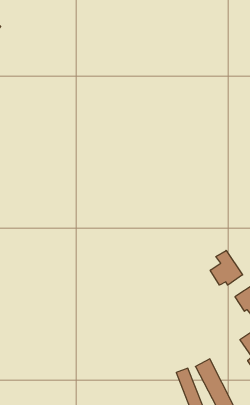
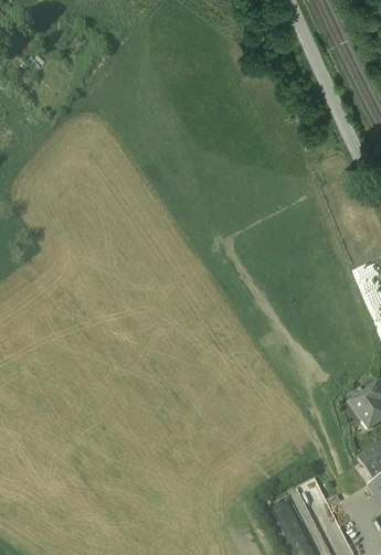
building: [210,250,243,285] -> none

